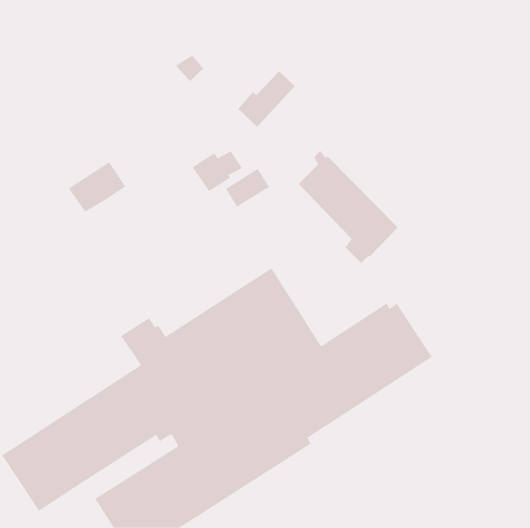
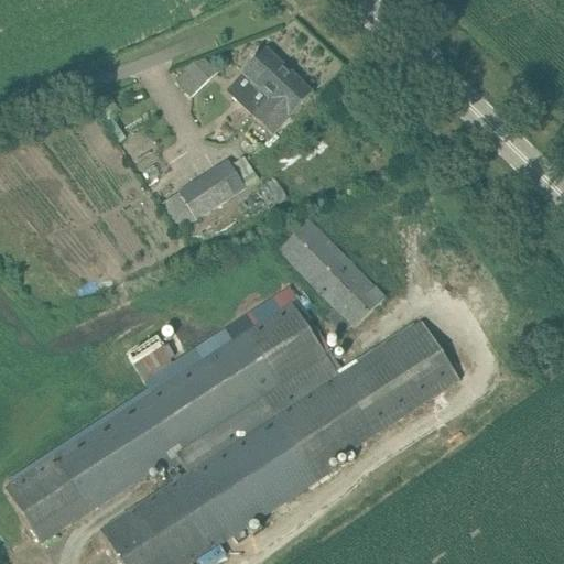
building: none -> [236,48,296,116]
building: [298,150,398,264] -> [278,215,384,336]
building: [68,162,126,212] -> [160,177,221,231]

